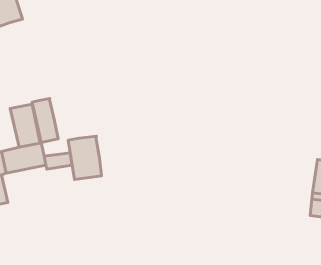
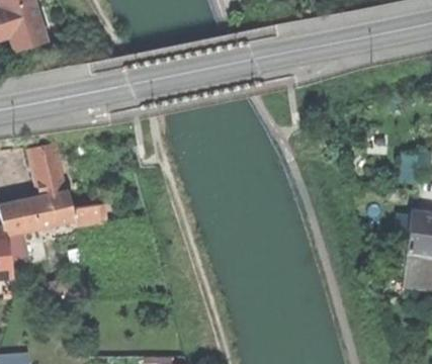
building: [32,98,58,142] -> none
building: [68,136,102,180] -> none

